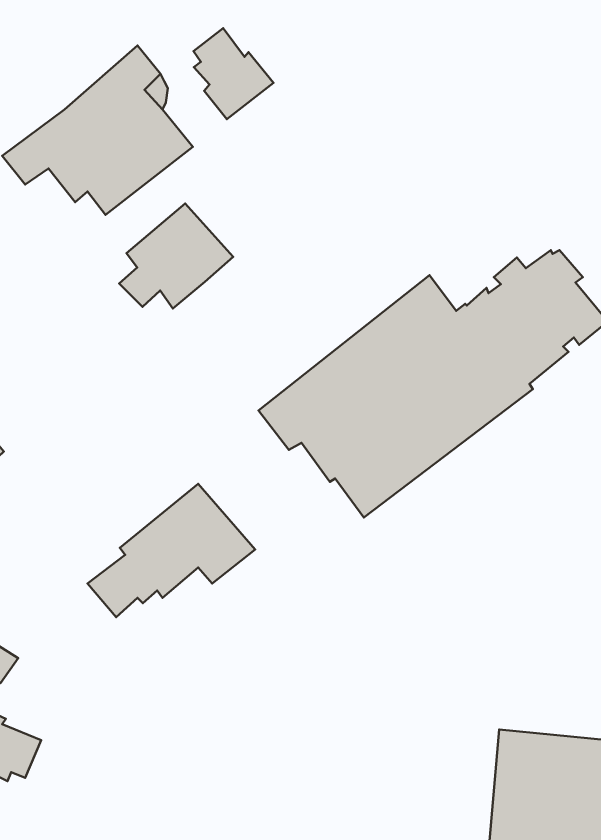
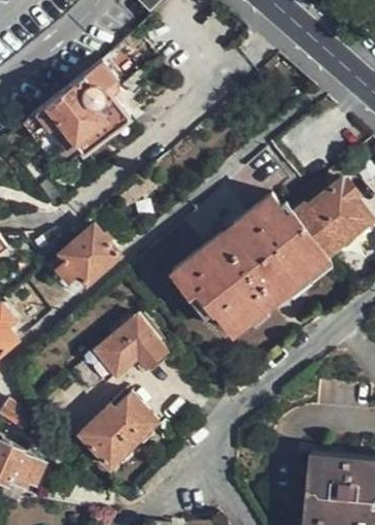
building: [194,28,274,119] -> none
building: [119,203,233,308] -> [55,225,121,286]
building: none -> [78,394,158,467]

